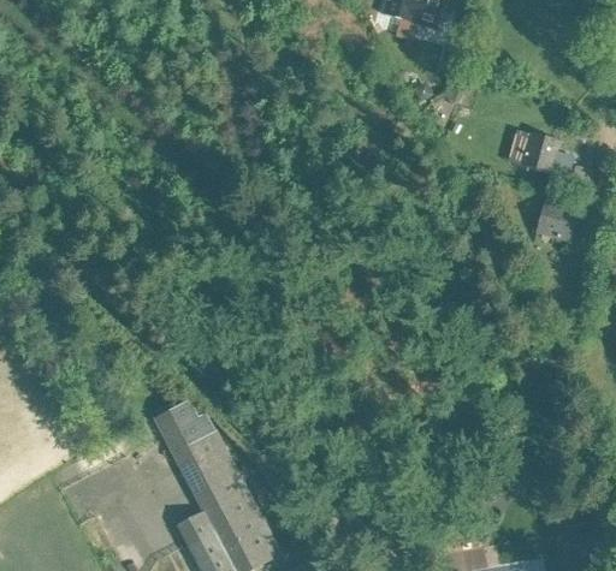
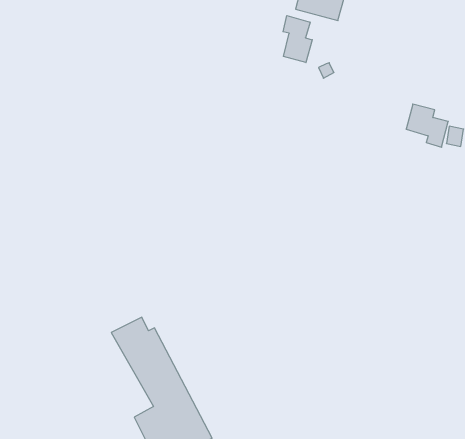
building: none -> [283,16,312,63]
building: [534,189,575,240] -> none

